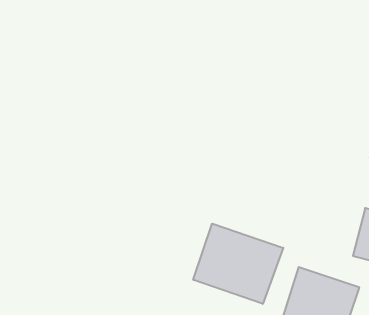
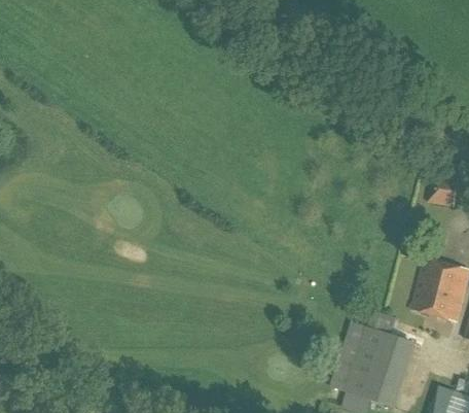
building: [193,224,283,304] -> none

